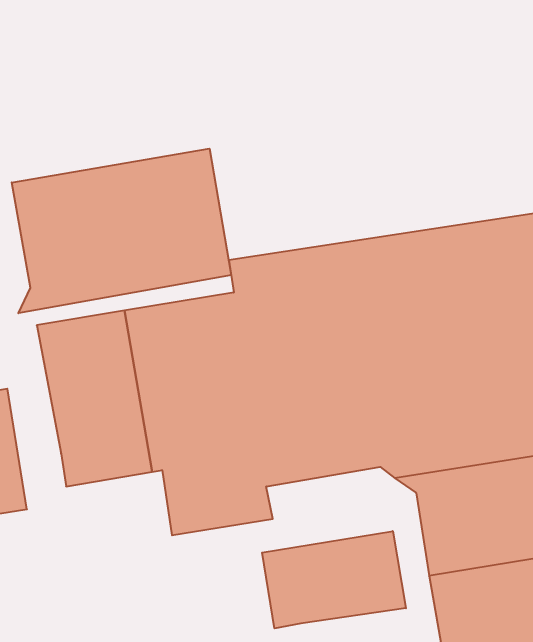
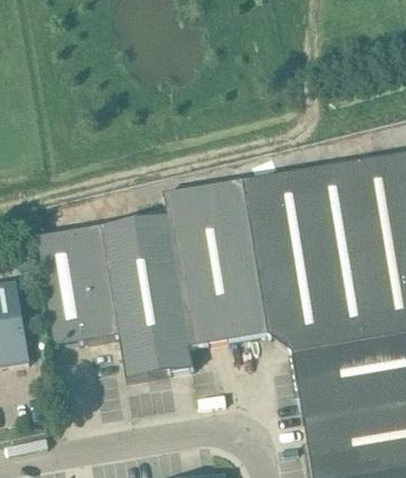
building: [12,149,231,313] -> none
building: [262,531,406,628] -> none

